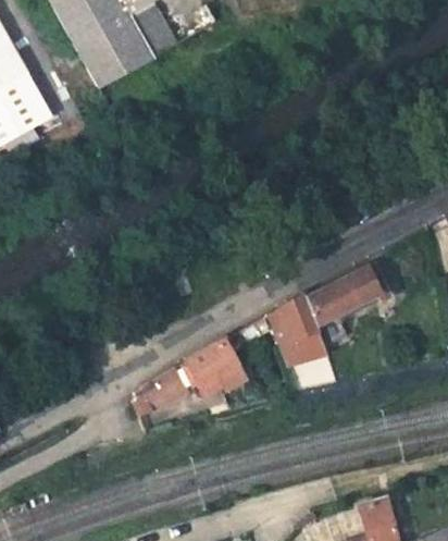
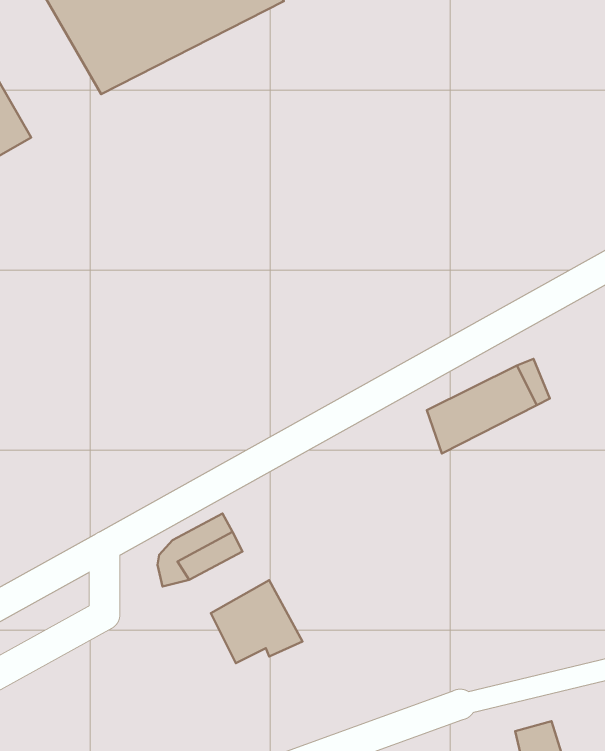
building: [265,291,327,370] -> none
building: [187,335,247,390] -> [211,580,302,663]

